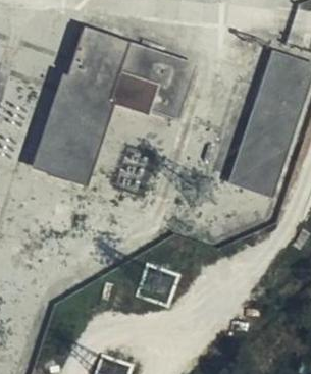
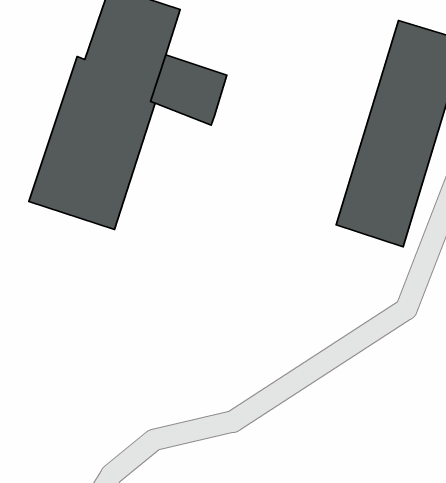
building: [119,42,201,119] -> none

